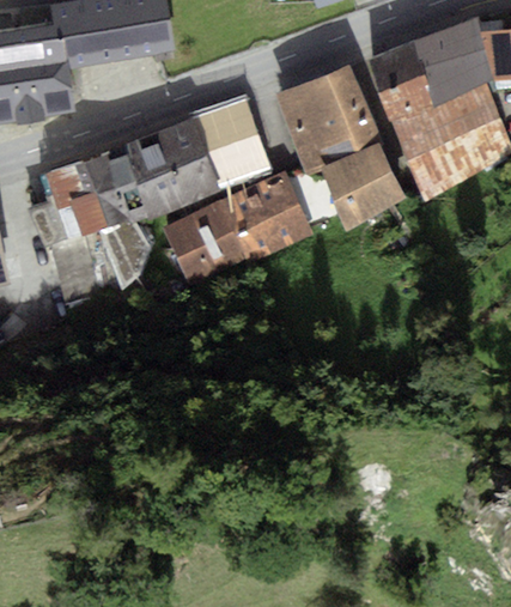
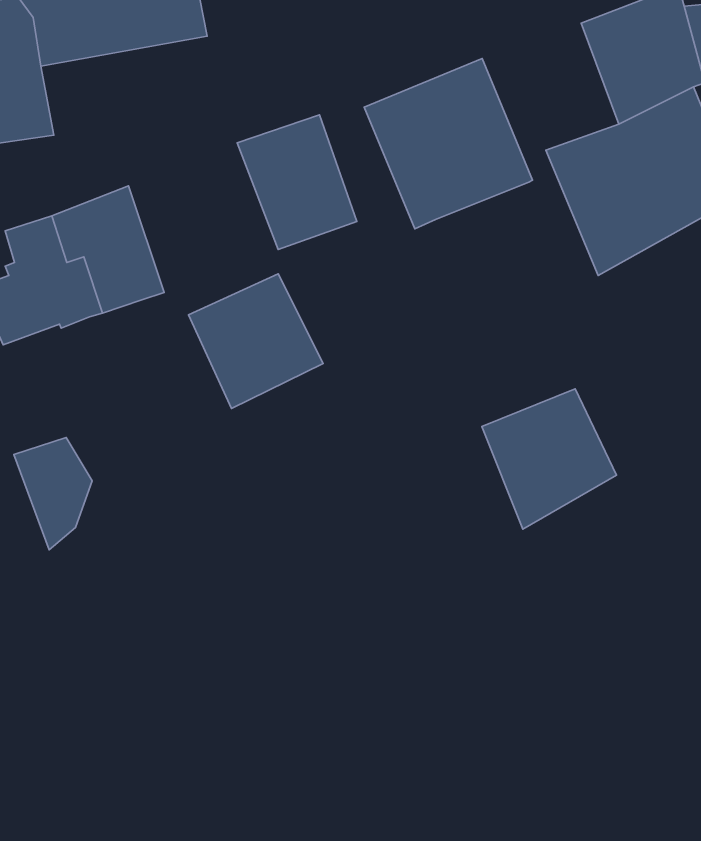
building: [367,40,437,121] -> none
building: [123,116,220,218] -> none
building: [320,141,406,231] -> [482,389,616,529]
building: [219,170,312,263] -> none
building: [98,217,148,289] -> [14,438,92,550]

